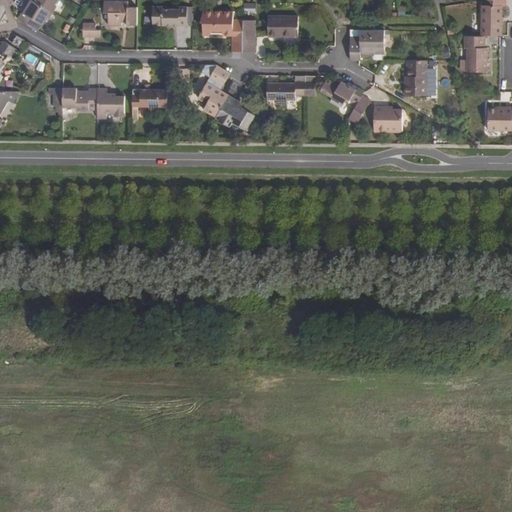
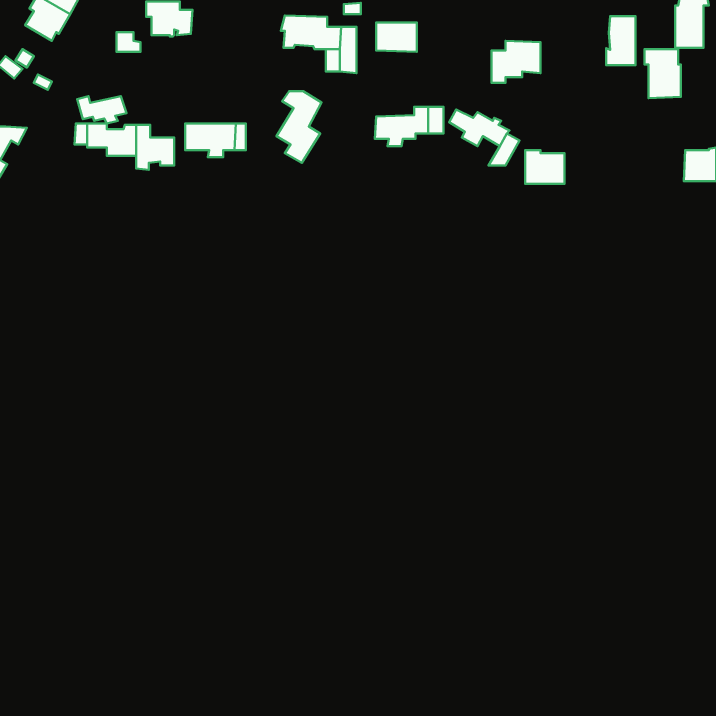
building: [151,7,186,26] -> none
building: [405,60,426,95] -> [606,16,636,65]
building: none -> [77,96,127,124]
building: [215,95,255,130] -> none

